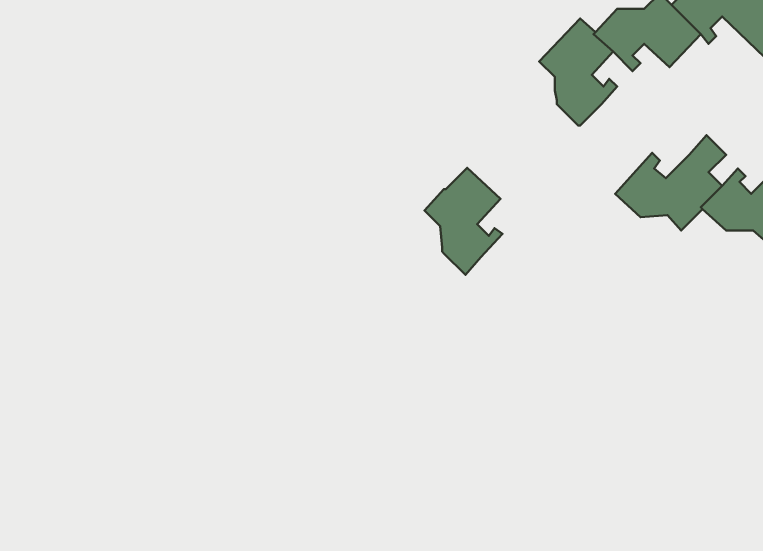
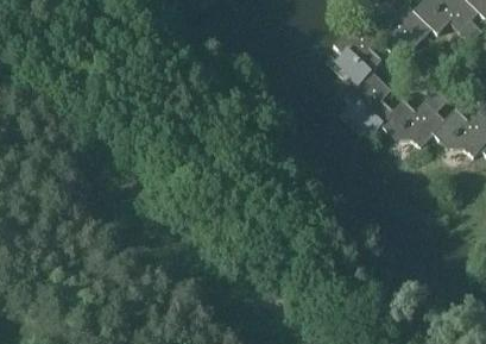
building: [425,168,502,275] -> [345,69,392,135]

